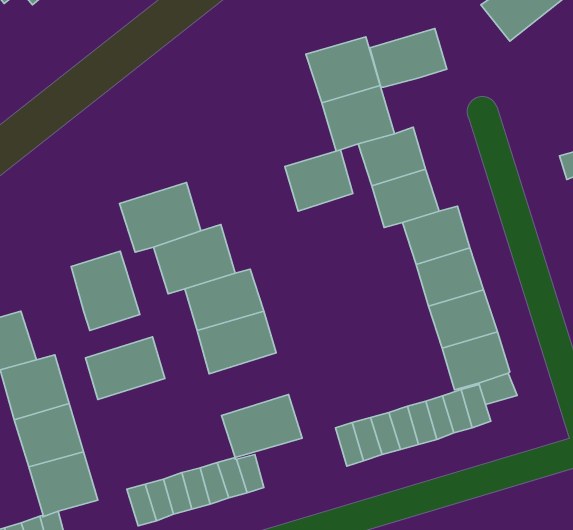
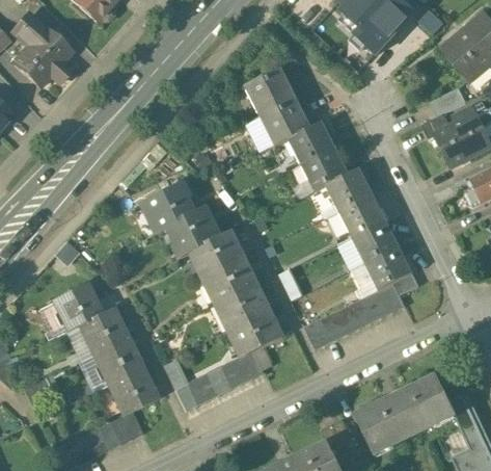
building: [370,28,447,87] -> none
building: [285,150,353,211] -> none
building: [71,251,140,331] -> none
building: [86,337,165,400] -> [215,283,269,330]

